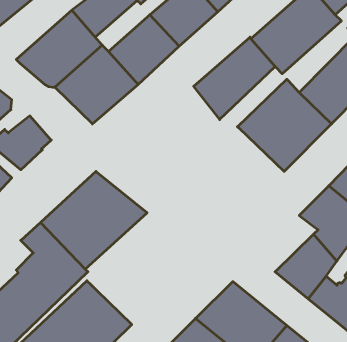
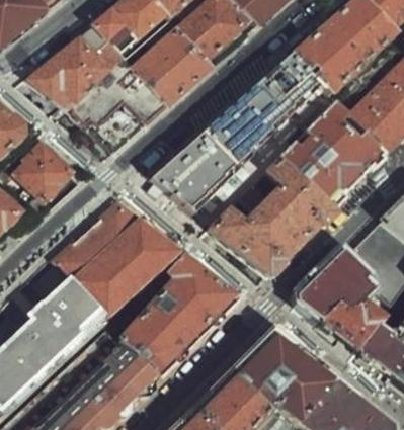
building: none -> [150,107,259,213]
building: none -> [210,154,336,273]
building: none -> [302,249,371,317]
building: none -> [120,254,238,376]

